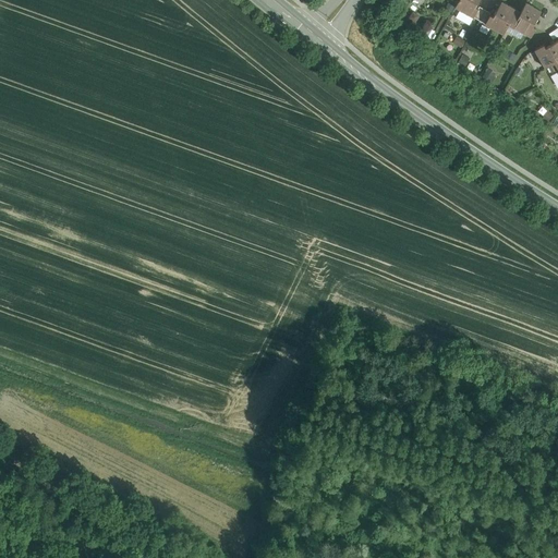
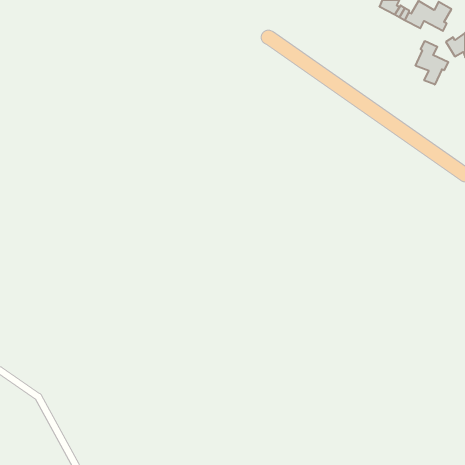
building: none -> [416,41,448,85]

